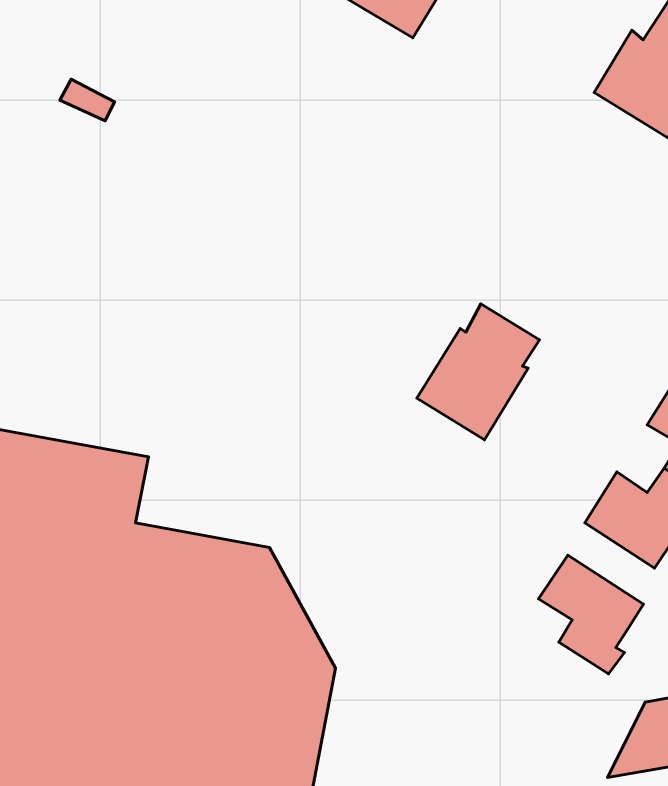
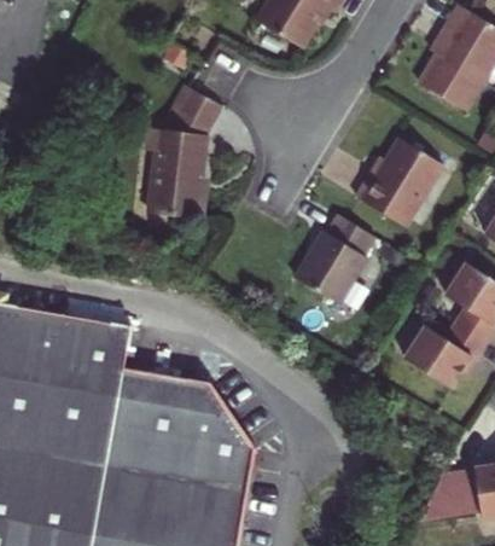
building: none -> [145,88,221,221]
building: none -> [356,144,444,232]
building: [538,555,643,674] -> none

